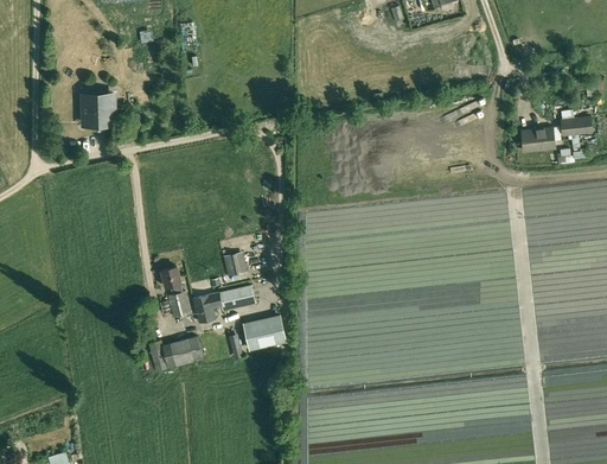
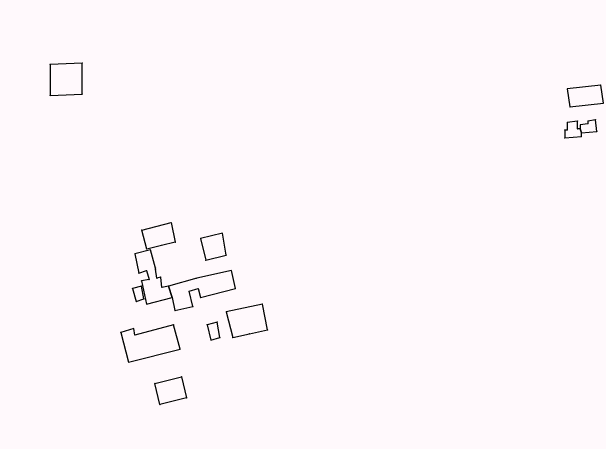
building: [522,127,555,151] -> none
building: none -> [142,223,175,249]
building: none -> [155,377,187,405]

